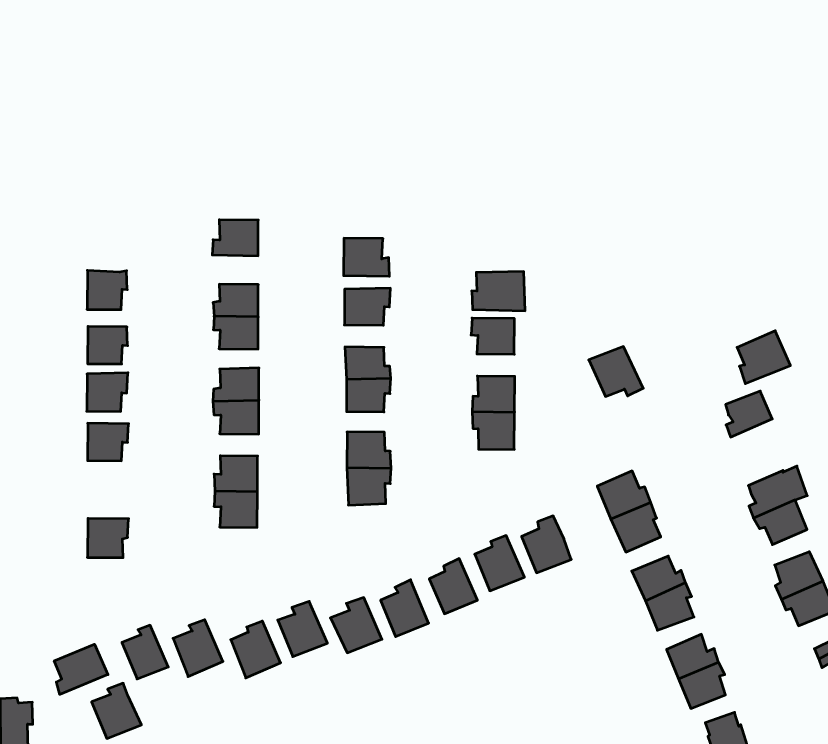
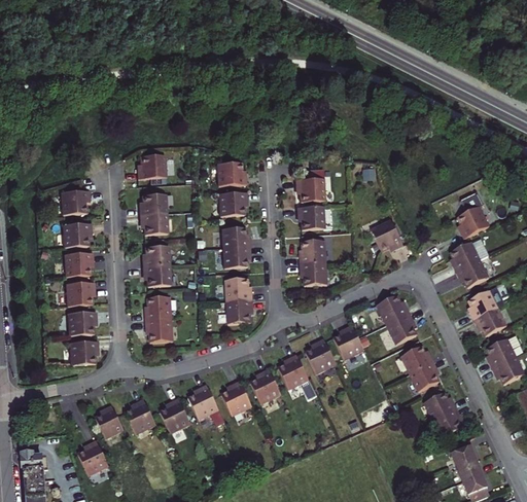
building: none -> [457,259,490,288]
building: none -> [68,311,94,335]
building: [54,644,108,694] -> none

